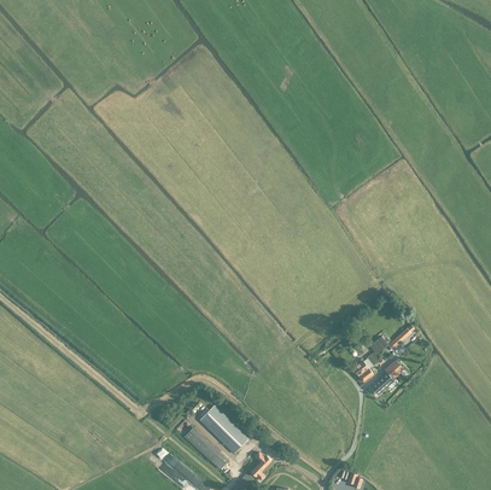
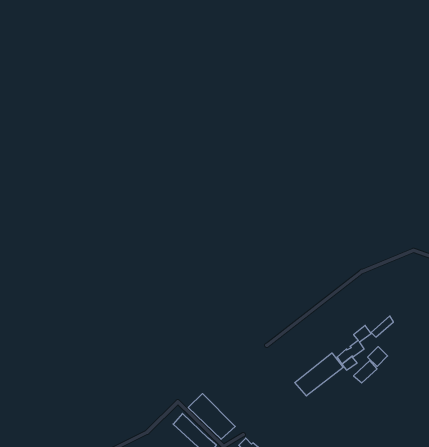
building: none -> [295,353,343,396]

